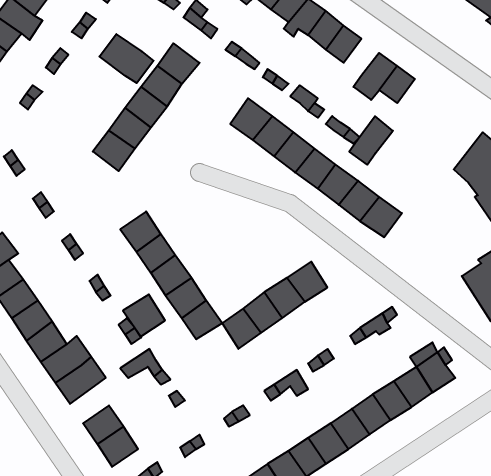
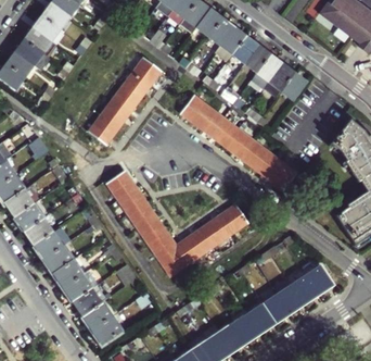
building: [99,34,154,83] -> none
building: [349,116,393,165] -> [252,54,281,87]
building: [123,294,165,337] -> [158,246,187,274]
building: none -> [74,283,107,313]

